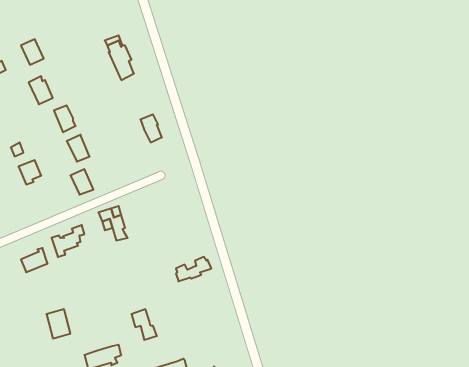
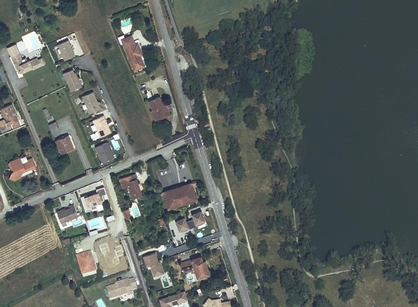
building: none -> [162,182,196,208]
building: none -> [175,256,206,278]

